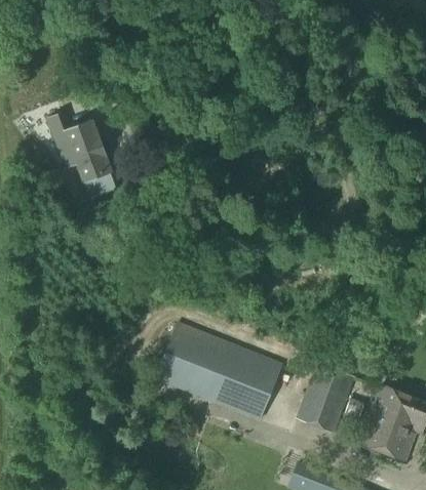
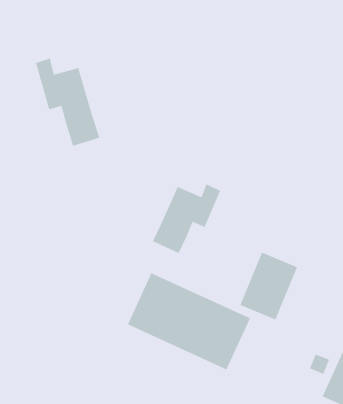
building: none -> [152,183,221,254]
building: [297,363,354,432] -> [240,252,298,320]

